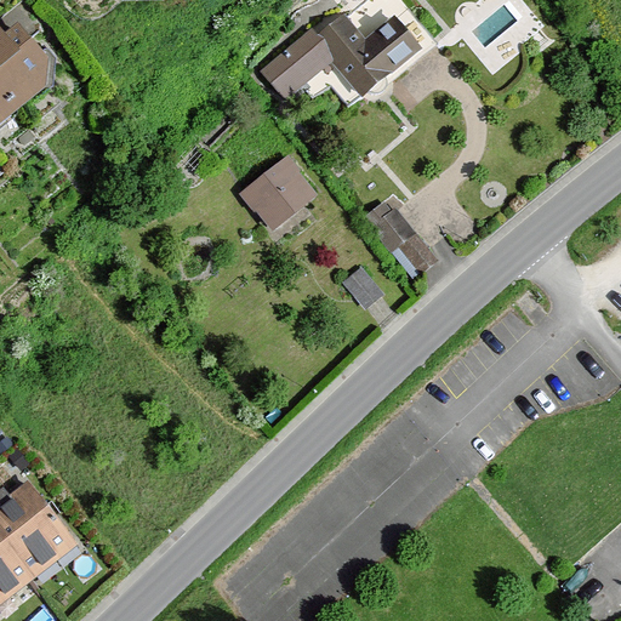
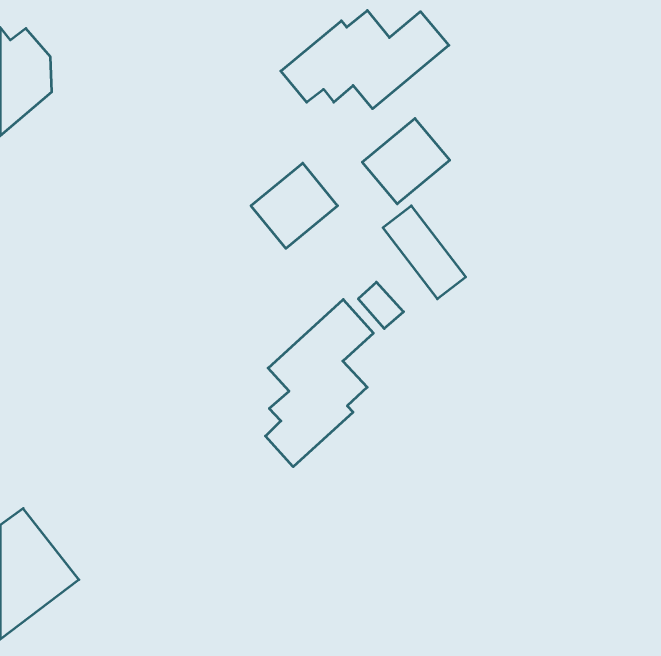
building: none -> [362,118,450,204]
building: none -> [265,299,373,467]

